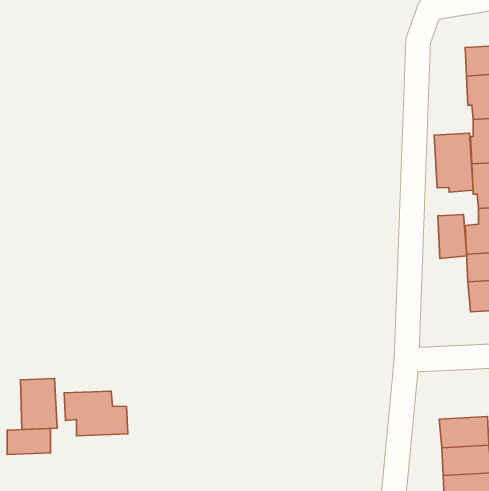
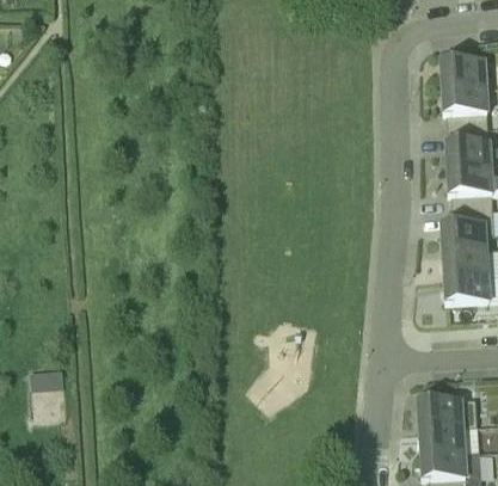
building: [434,133,473,192] -> none
building: [438,215,467,258] -> none
building: [64,391,128,436] -> none
building: [7,429,51,454] -> none

